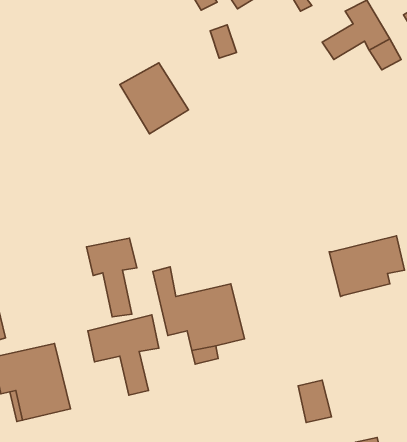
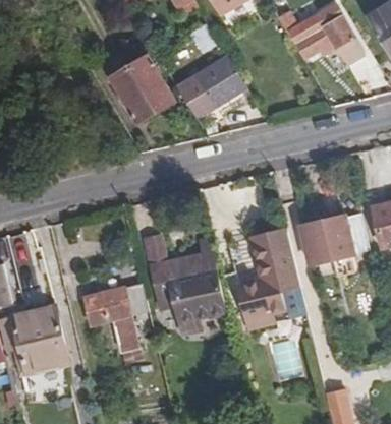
building: none -> [176,55,246,120]
building: [86,238,137,317] -> none
building: none -> [236,229,302,328]

